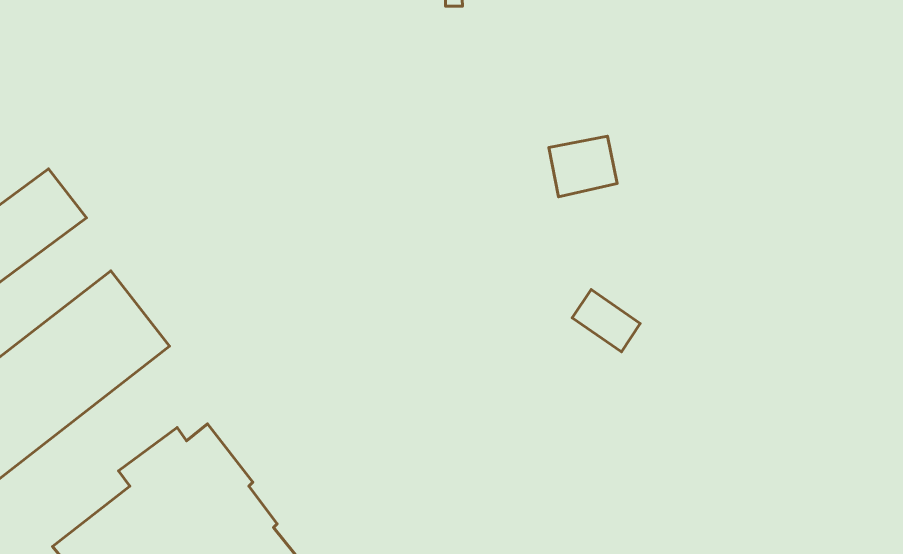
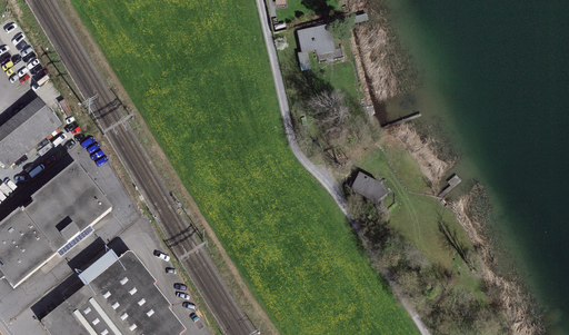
building: [549,136,617,197] -> [296,24,336,60]

